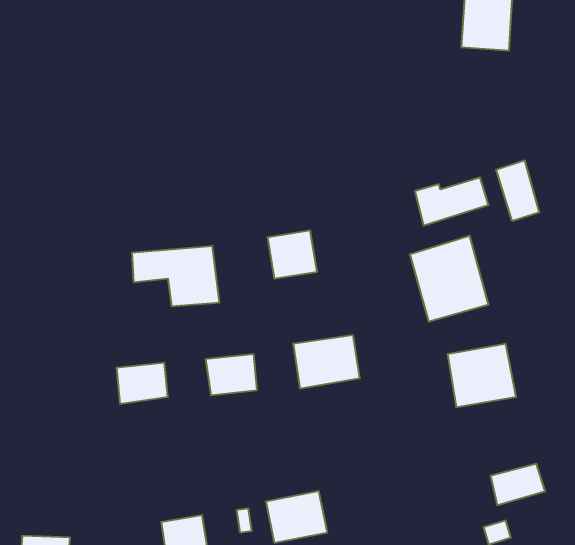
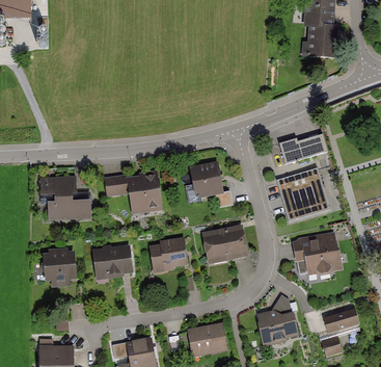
building: [496,160,539,221] -> none
building: none -> [43,180,87,217]
building: none -> [44,252,74,274]
building: none -> [258,297,298,340]

